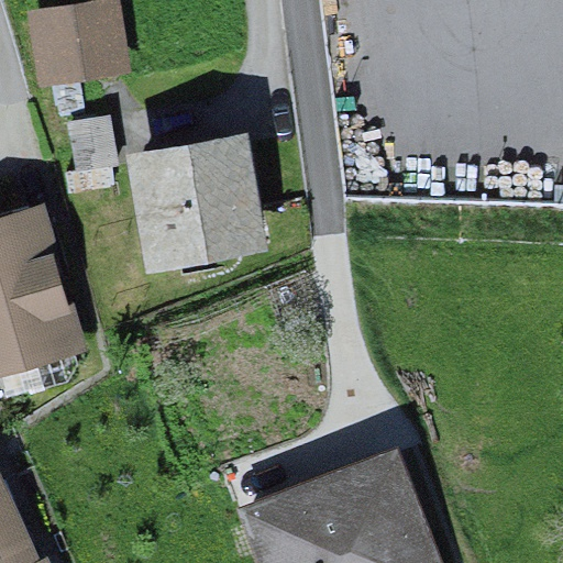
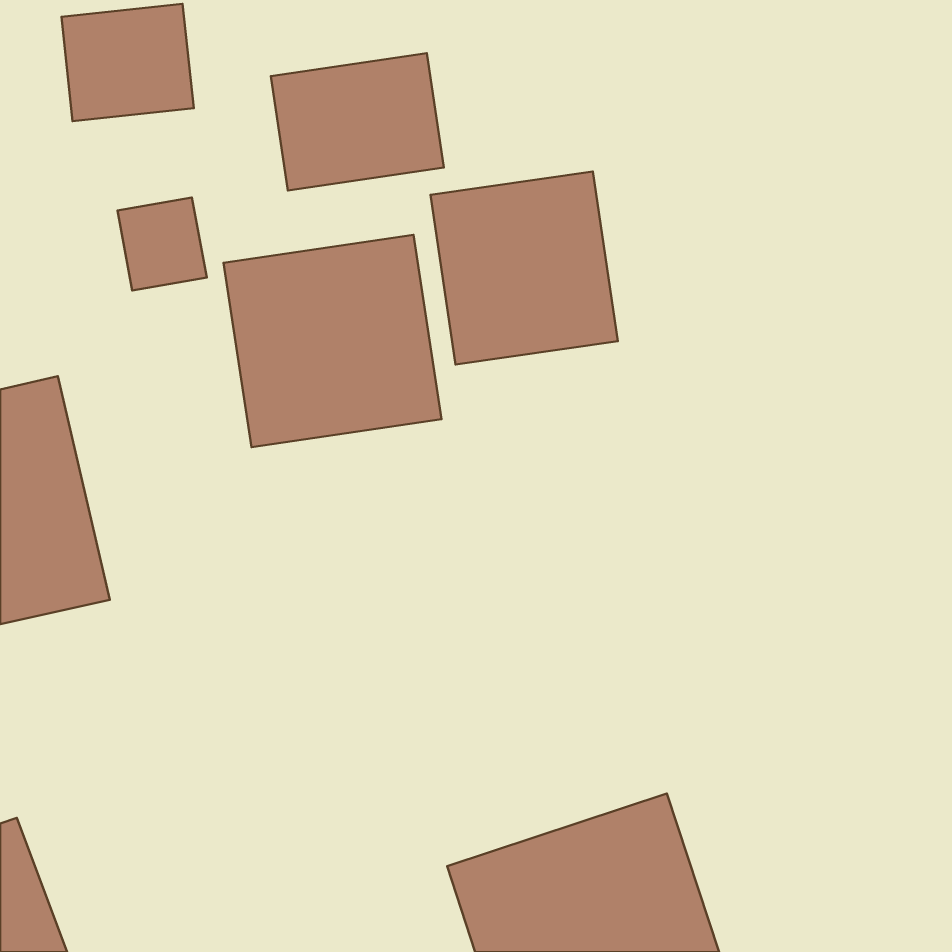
building: none -> [271,53,444,190]
building: none -> [431,172,618,364]

